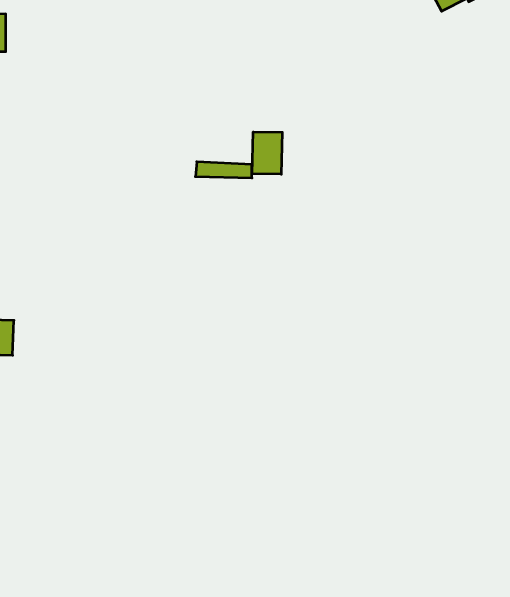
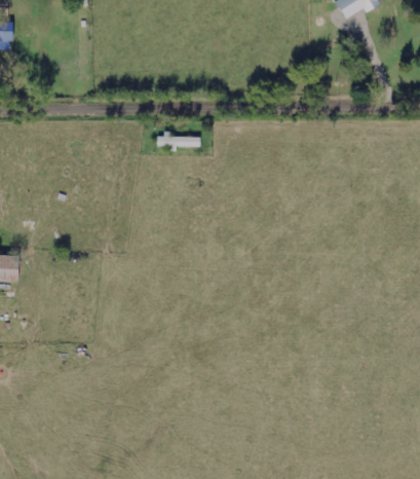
building: [252,132,282,174] -> none

